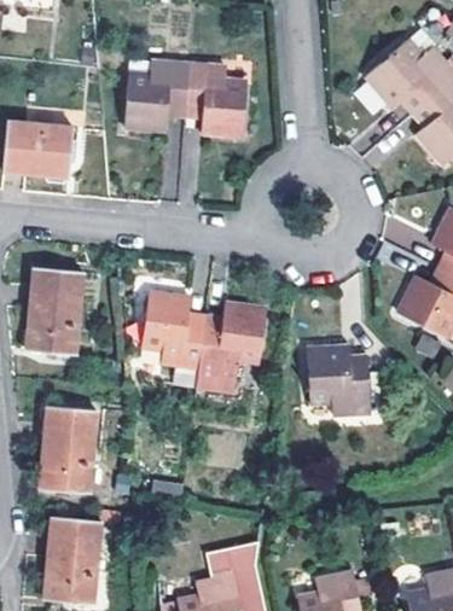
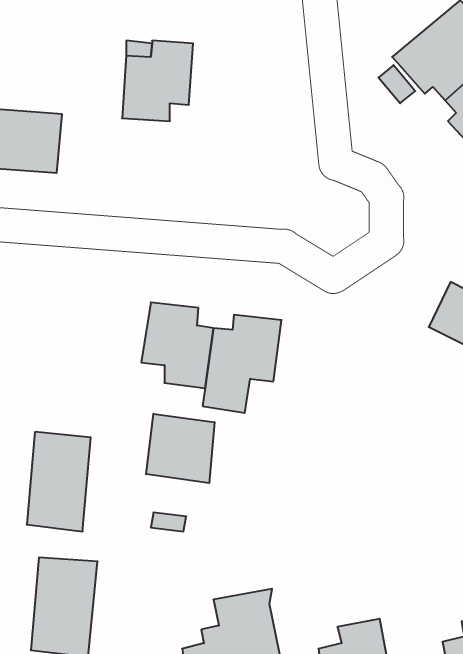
building: [184,63,246,136] -> none
building: [27,269,83,355] -> none
building: [308,345,384,417] -> none
building: none -> [146,414,214,483]

